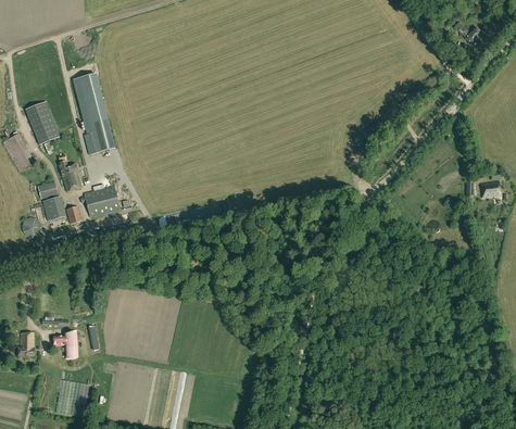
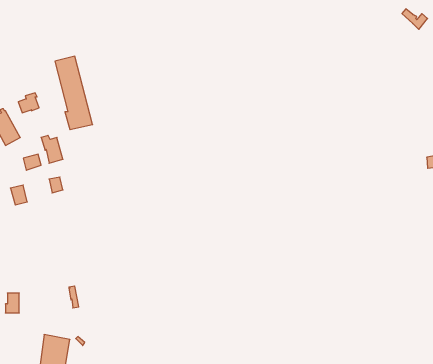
building: [84,186,121,217] -> none
building: [43,195,67,220] -> none
building: [53,327,78,359] -> none

